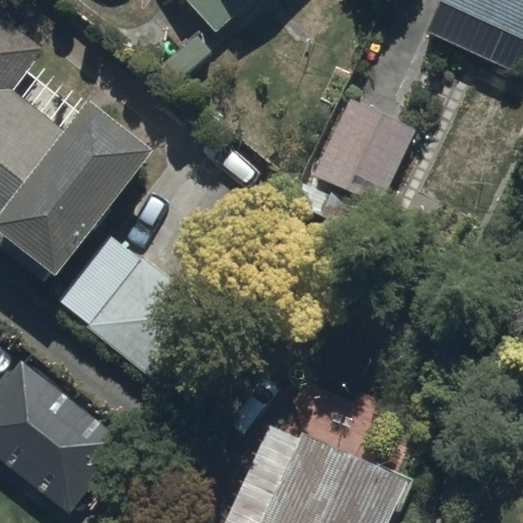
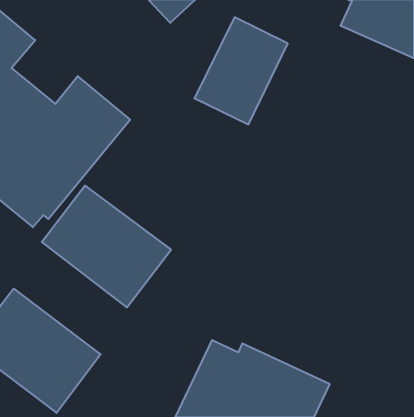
building: [297,98,414,232] -> [194,17,288,124]

